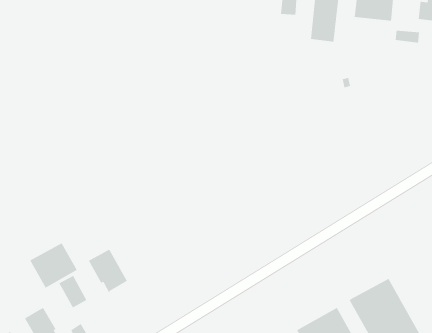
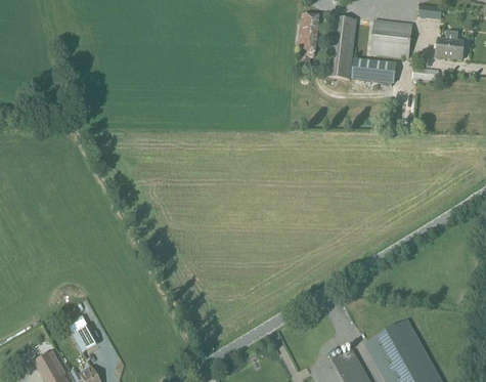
building: none -> [351,57,396,83]
building: [30,243,77,289] -> none
building: [88,249,128,293] -> none

